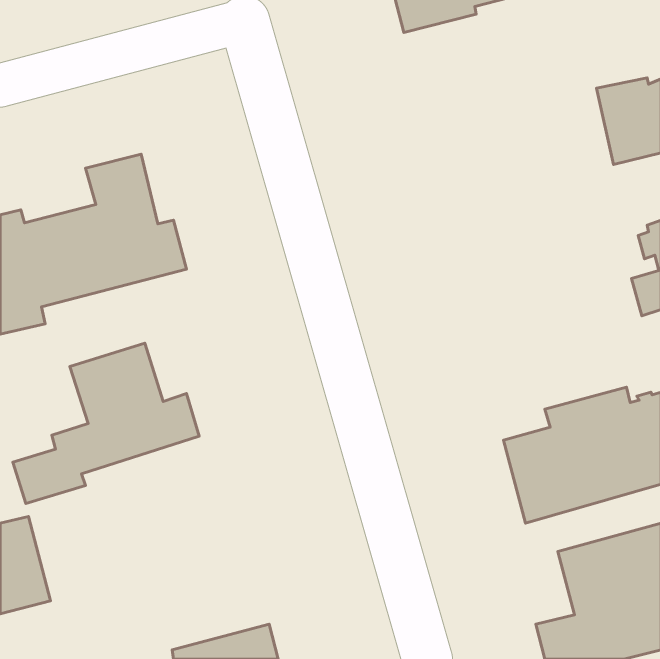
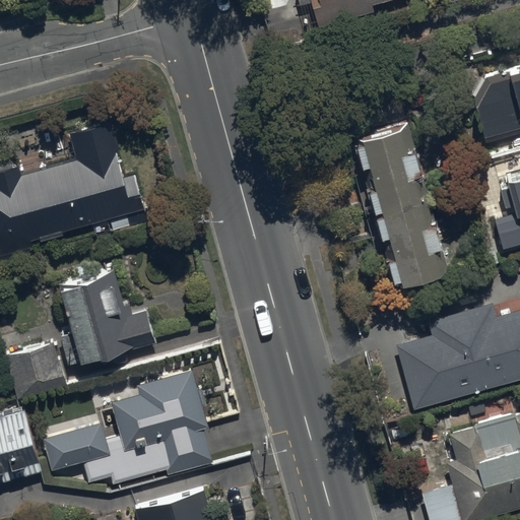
building: none -> [358,130,445,295]
building: none -> [43,369,212,482]

